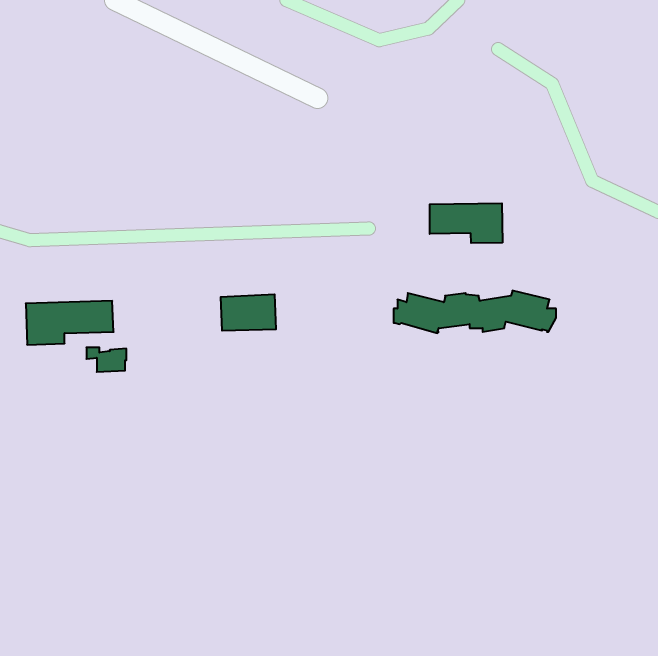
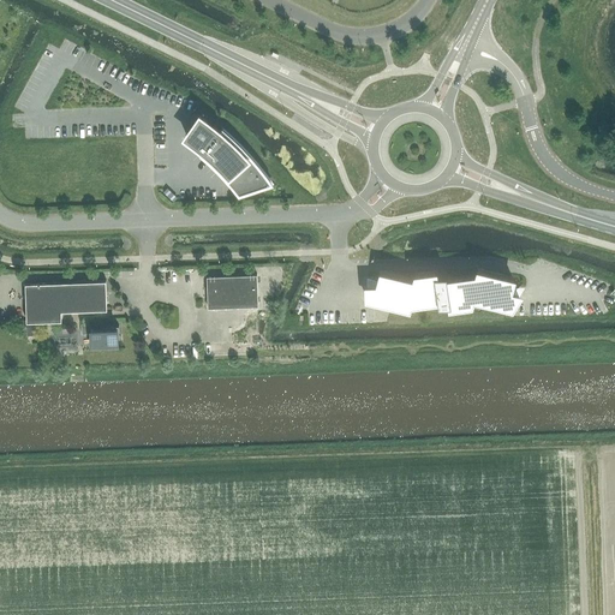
building: none -> [185,119,273,197]
building: [430,203,502,243] -> none

